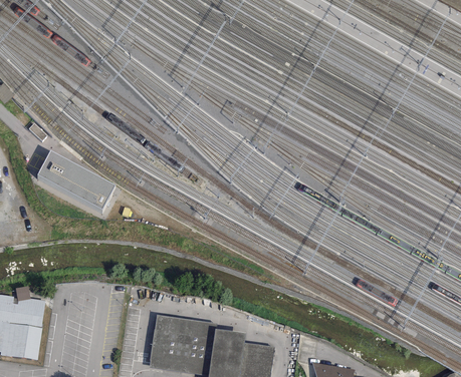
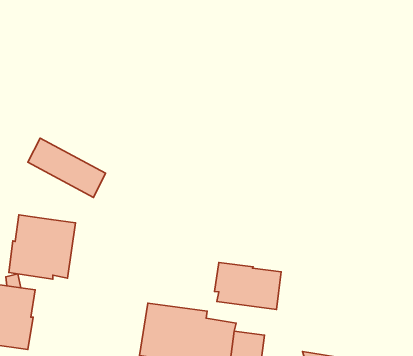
building: none -> [9,215,75,279]
building: none -> [215,263,281,309]

